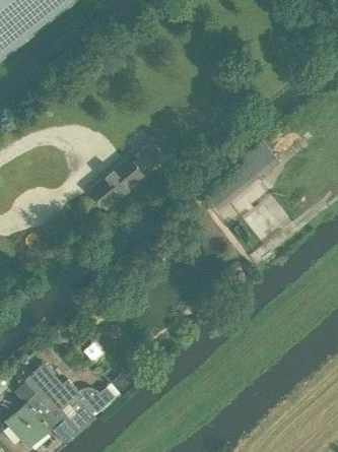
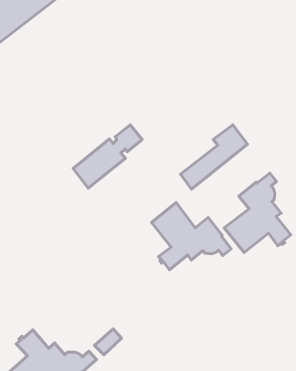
building: none -> [224,173,291,252]
building: none -> [152,203,231,270]

